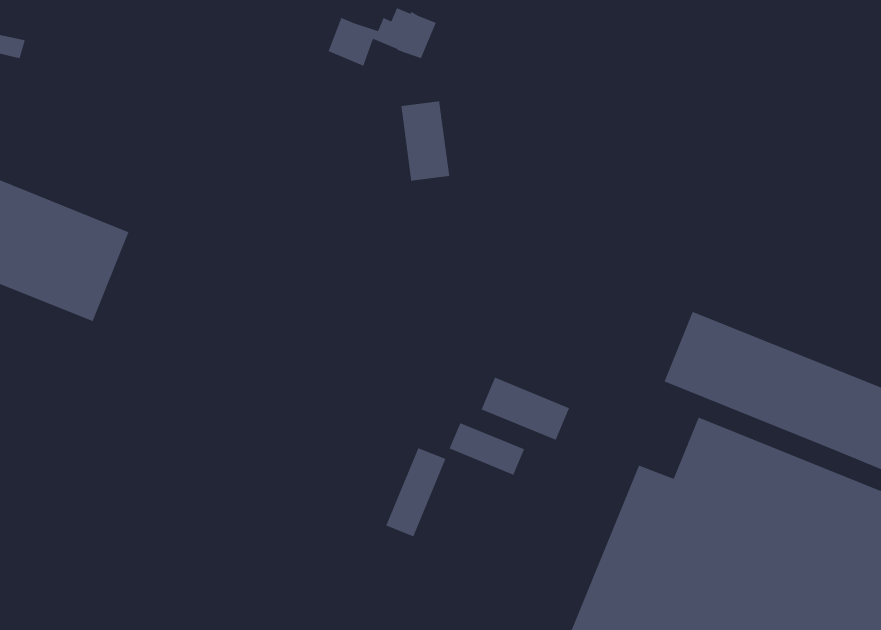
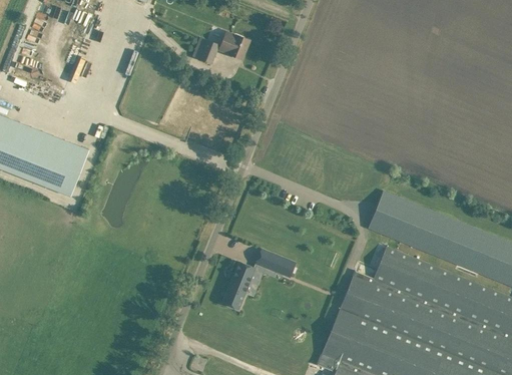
building: [400,101,450,181] -> none
building: [481,377,570,441] -> none

